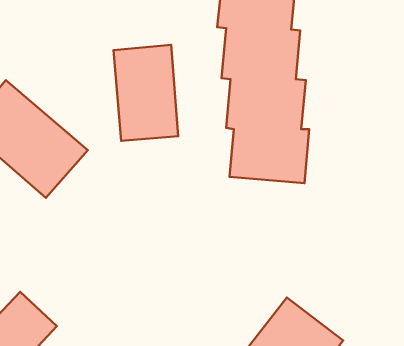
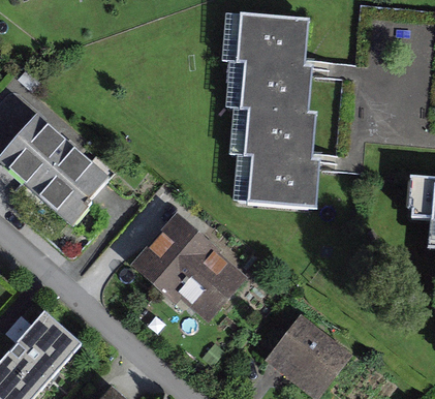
building: [114,45,178,141] -> none
building: none -> [137,209,244,312]

